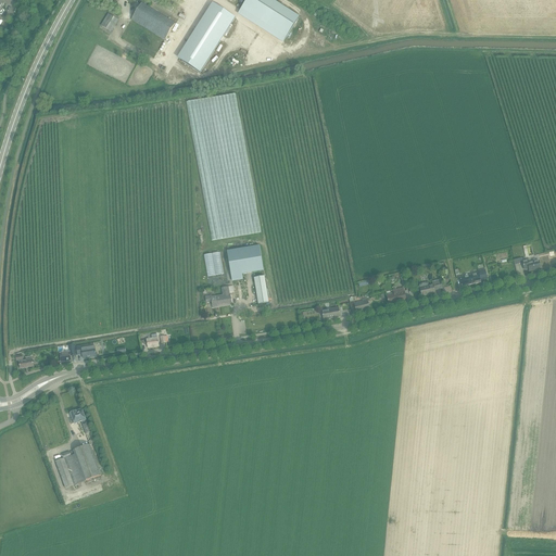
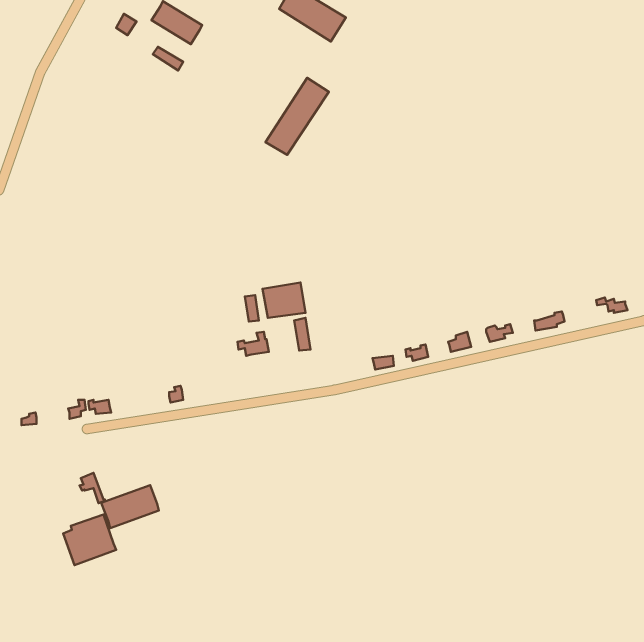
building: [180,4,235,71] -> [266,78,329,155]
building: none -> [101,485,159,528]

